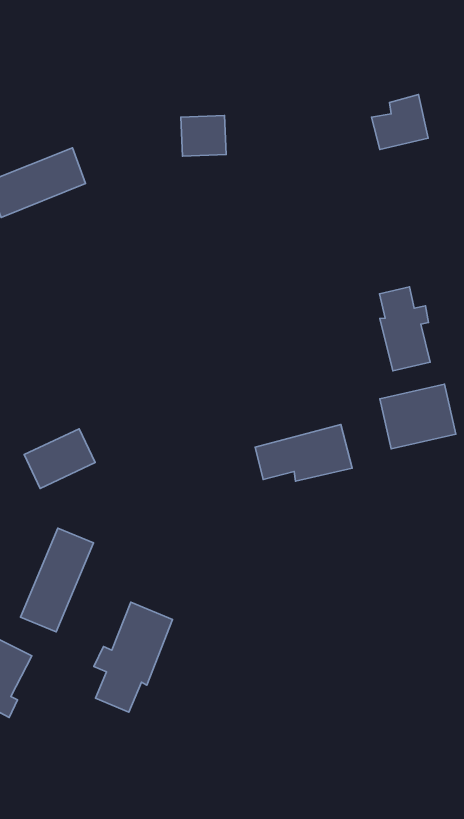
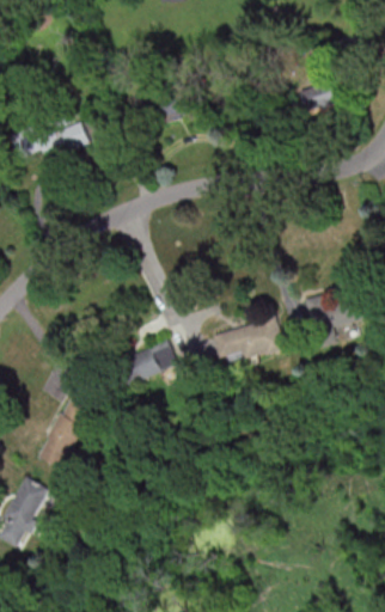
building: [380,287,430,371] -> none
building: [24,429,95,489] -> [123,341,176,385]
building: [94,602,172,712] -> none

